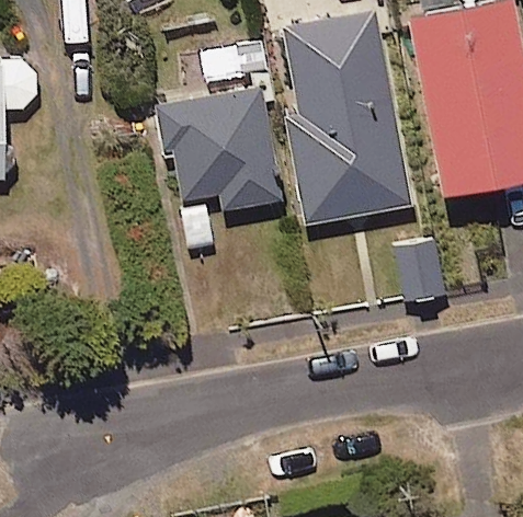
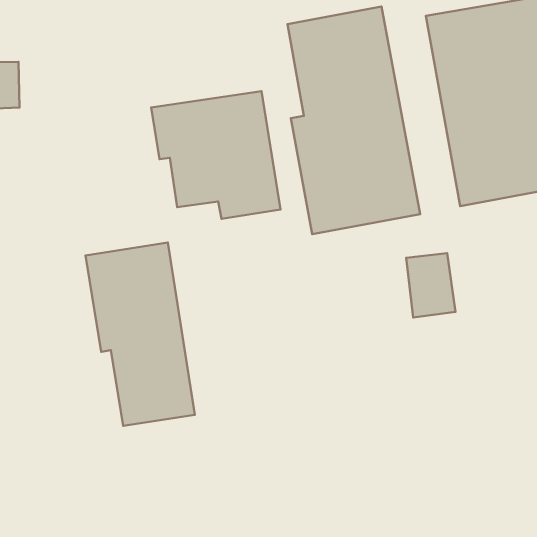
building: none -> [85,242,195,426]

